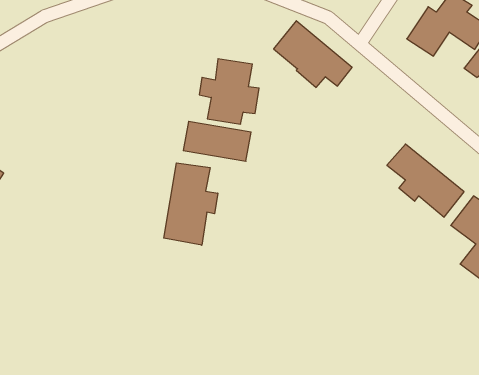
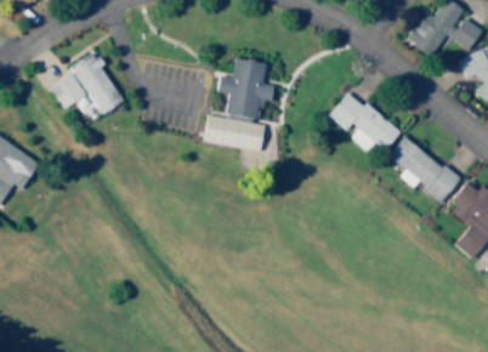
building: [274,21,352,87] -> [328,90,399,151]
building: none -> [49,51,125,123]
building: [164,163,218,245] -> none

